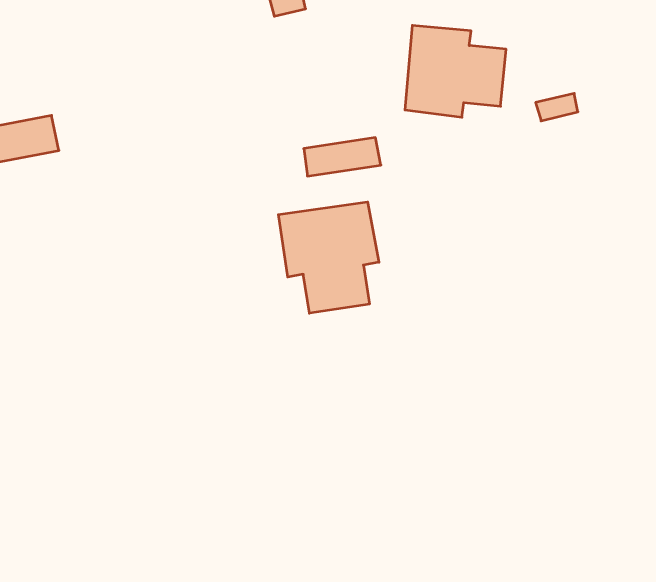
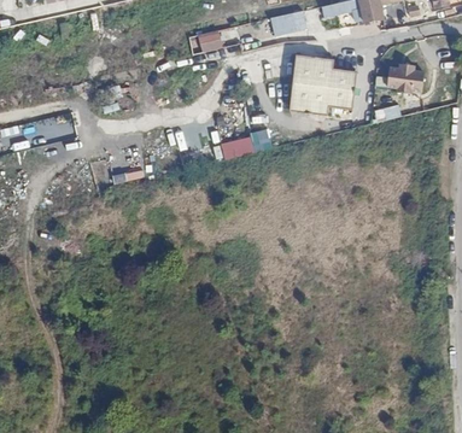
building: none -> [385,65,420,94]
building: [278,202,379,313] -> none

